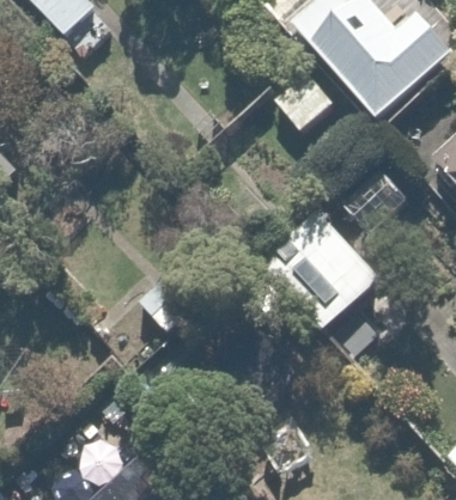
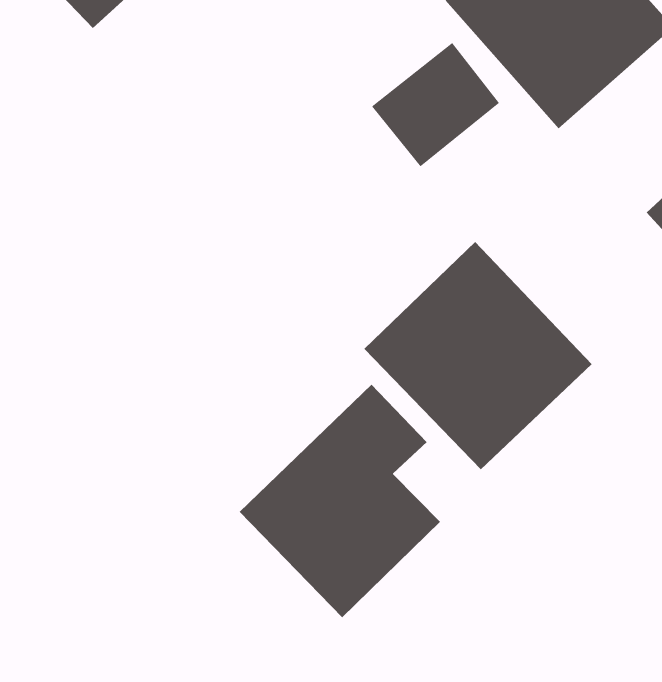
building: none -> [239,384,441,618]

